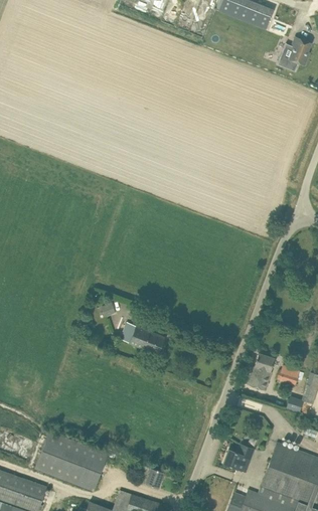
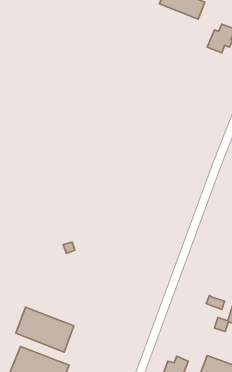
building: [117,321,164,353] -> none
building: [248,352,275,389] -> none
building: none -> [16,307,74,352]

